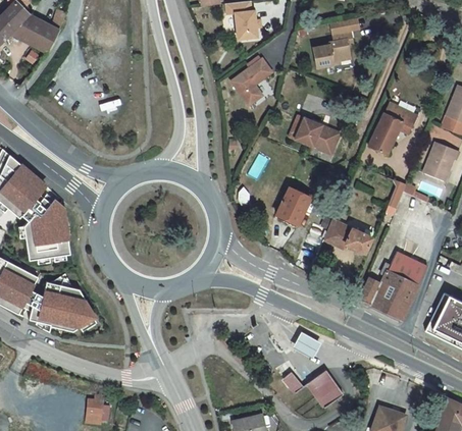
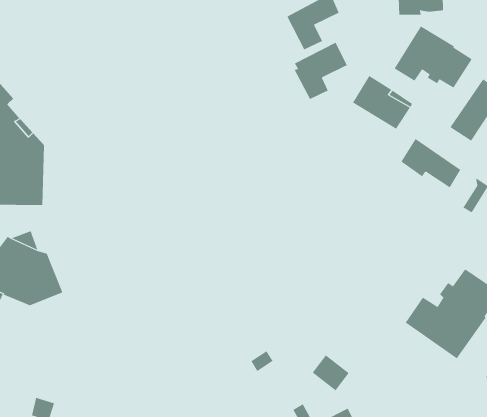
building: none -> [394,25,473,89]
building: none -> [294,42,347,100]
building: [276,187,311,227] -> none
building: [324,219,371,253] -> [401,138,461,188]

